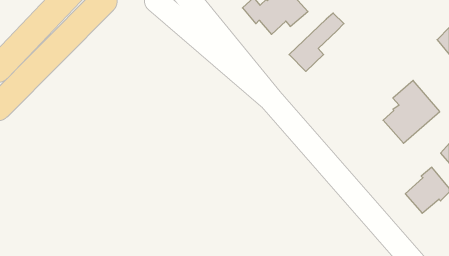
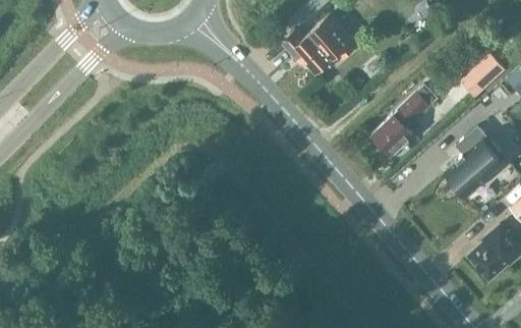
building: [289,13,344,71] -> [372,87,436,154]
building: none -> [459,54,503,97]

